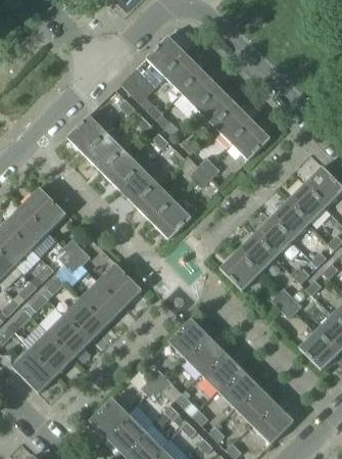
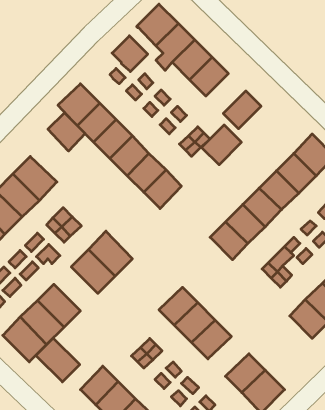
building: [215,105,255,145] -> [202,125,241,165]
building: none -> [48,113,85,151]
building: [63,299,107,342] -> [36,338,80,382]
building: [217,368,258,408] -> none

